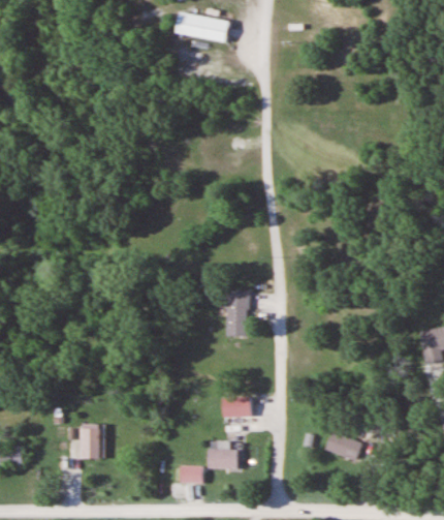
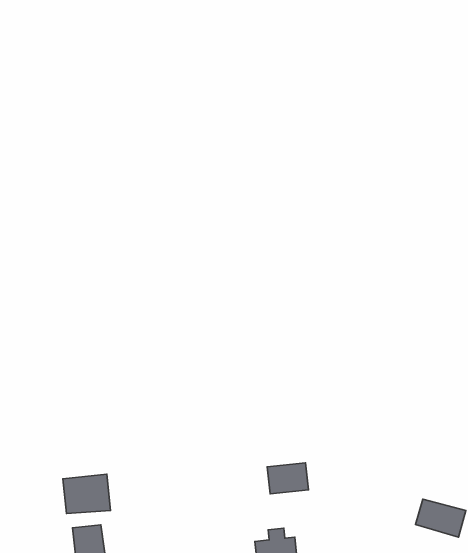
building: [228,289,250,336] -> none
building: none -> [63,474,111,513]

